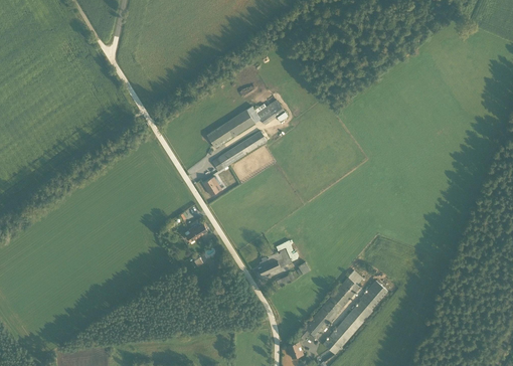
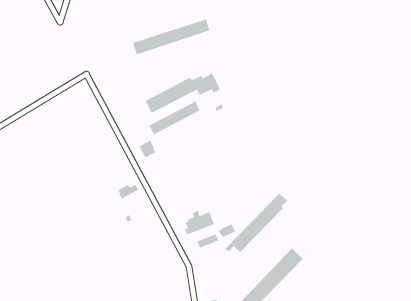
building: none -> [132,18,210,55]
building: [298,270,362,338] -> [224,193,288,253]

